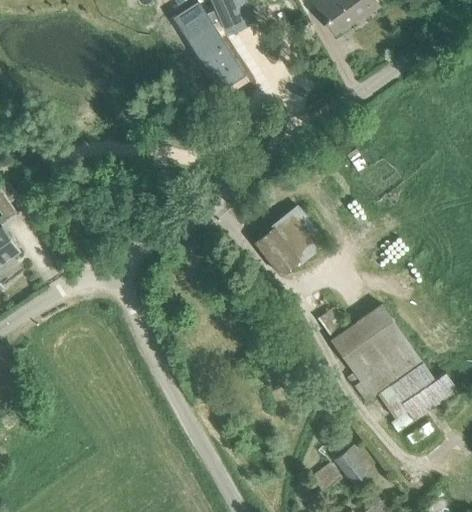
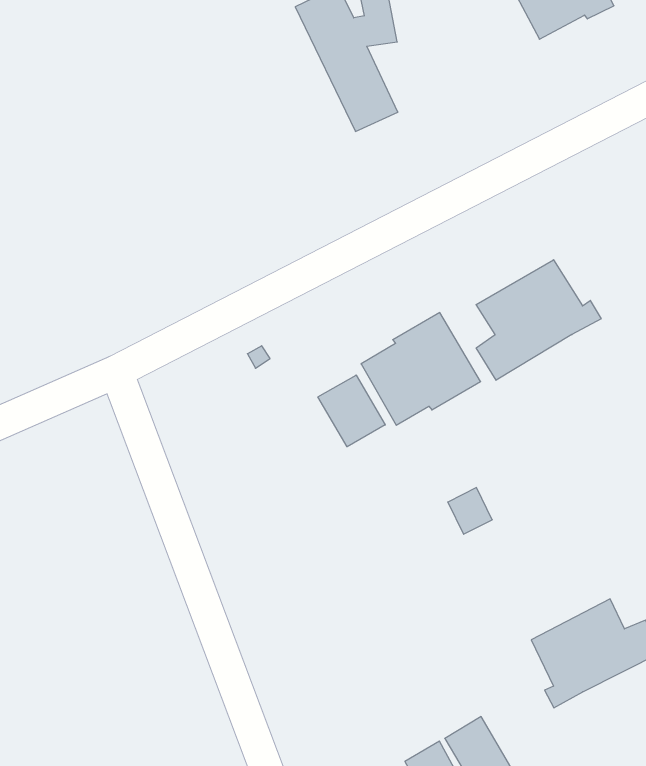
building: none -> [476,260,601,380]
building: none -> [318,375,385,447]
building: [328,304,419,400] -> none

